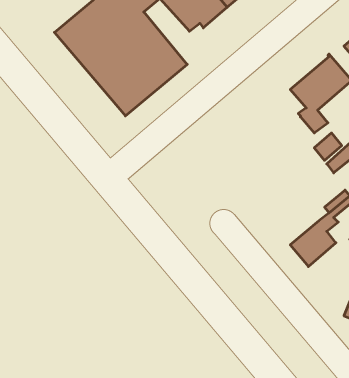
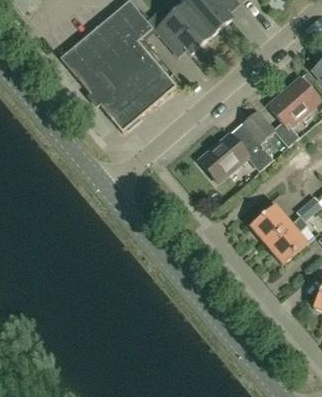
building: none -> [199,110,275,182]
building: none -> [251,204,291,243]

